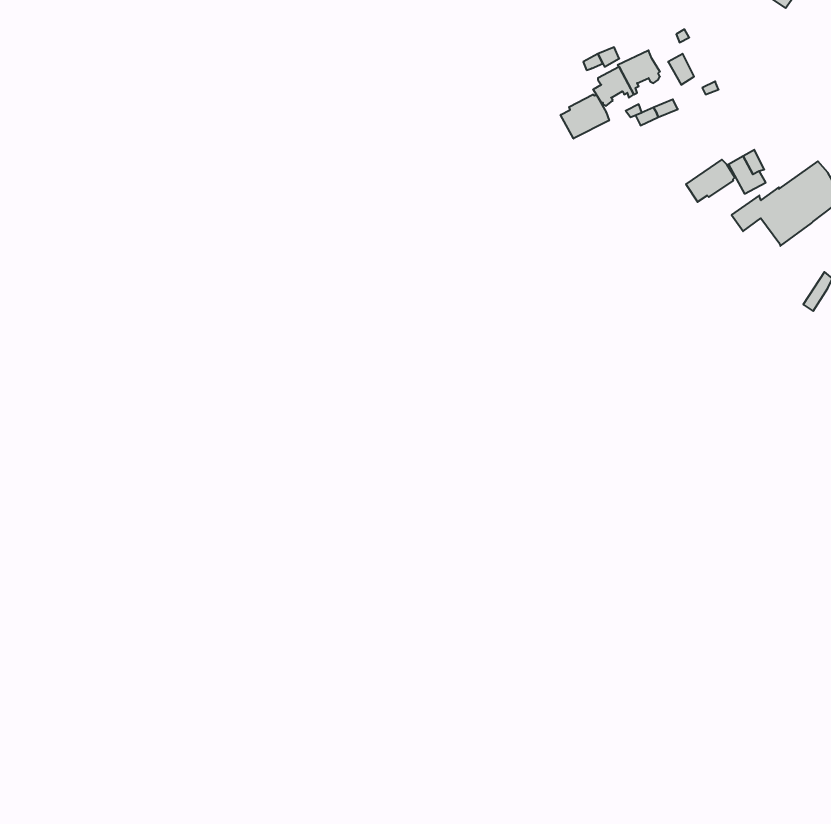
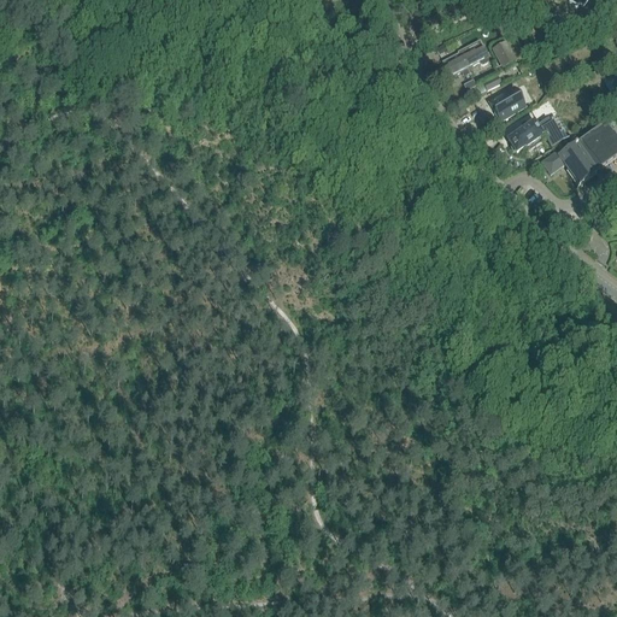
building: [561,94,609,139] -> none
building: none -> [489,86,525,118]

